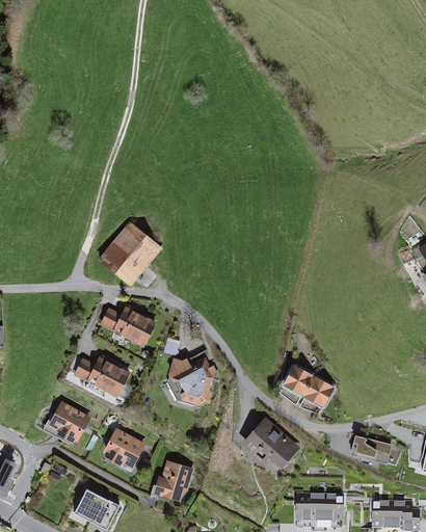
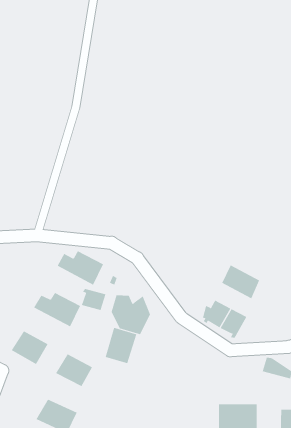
building: [99,221,160,284] -> none
building: none -> [222,265,260,299]
building: none -> [81,288,106,311]
building: [238,418,295,472] -> none
building: [155,461,194,506] -> [105,327,137,364]

